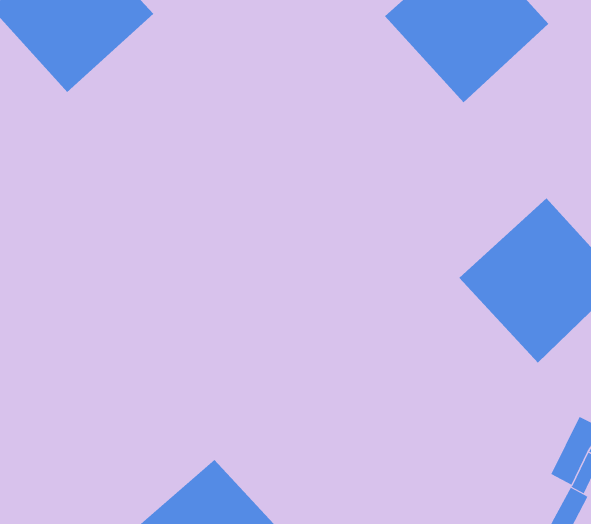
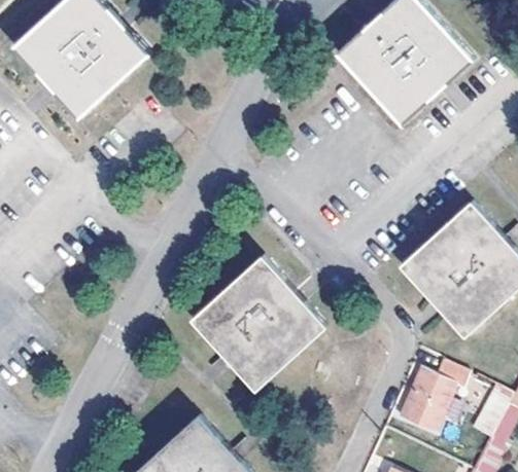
building: none -> [191,257,324,391]
building: none -> [400,360,468,429]

